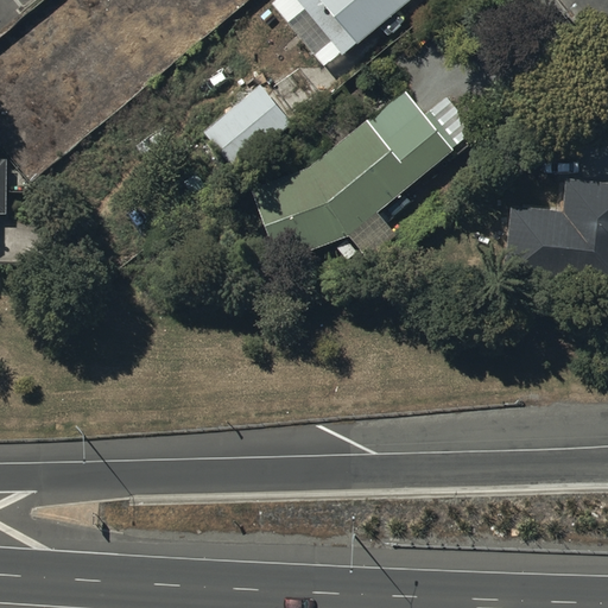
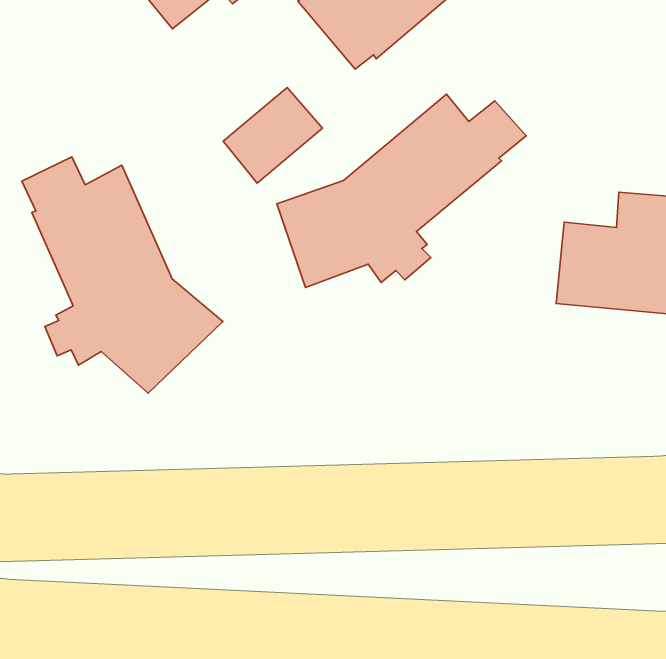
building: none -> [22,157,223,393]

